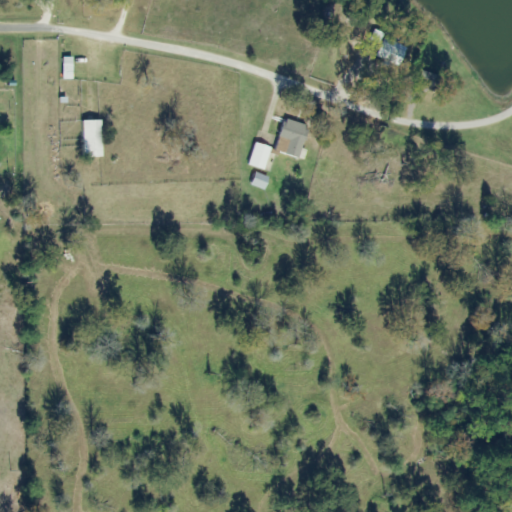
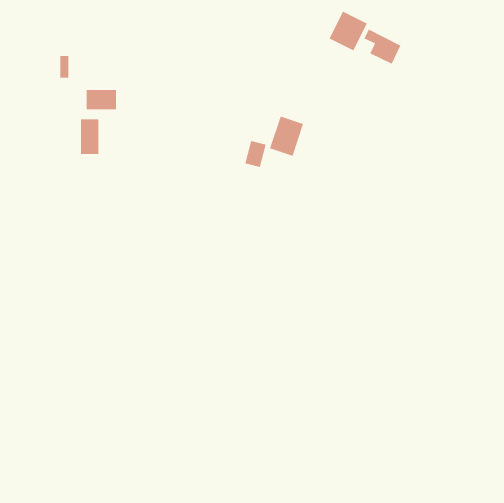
building: none -> [329,11,367,51]
building: none -> [86,89,117,110]

